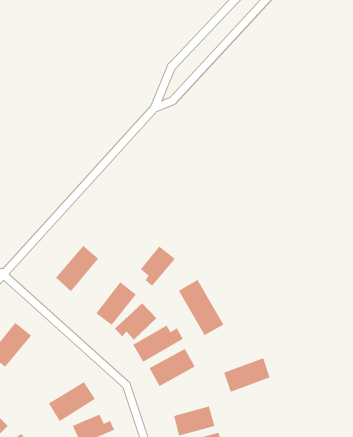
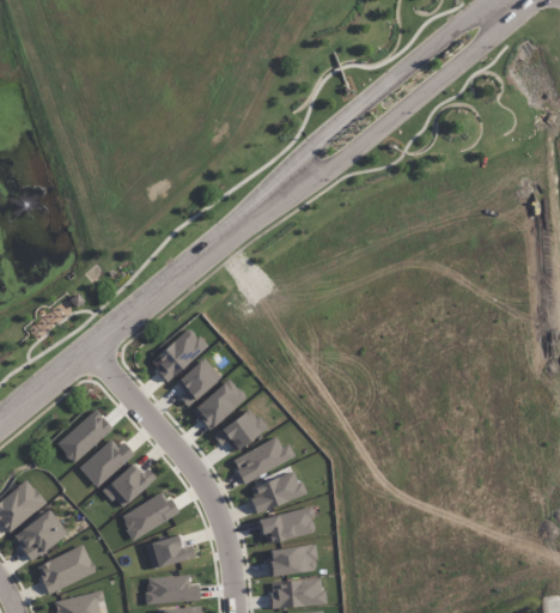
building: [140,245,176,287] -> [175,358,220,407]
building: [178,279,224,336] -> none
building: none -> [78,437,130,488]
building: [223,357,271,393] -> [258,508,315,545]
building: none -> [103,466,156,508]

